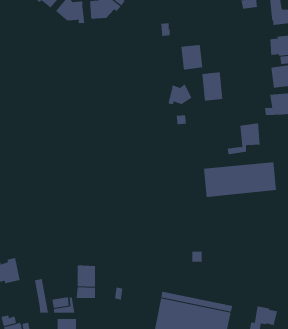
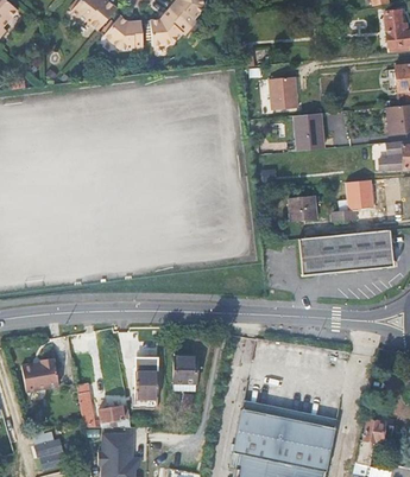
building: [168,83,192,105] -> none
building: none -> [289,197,316,222]
building: none -> [176,352,200,384]

